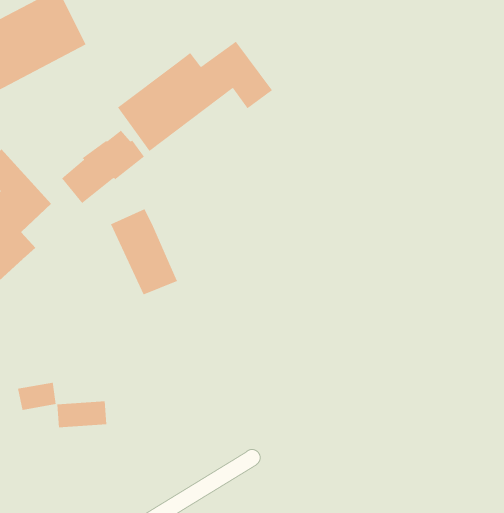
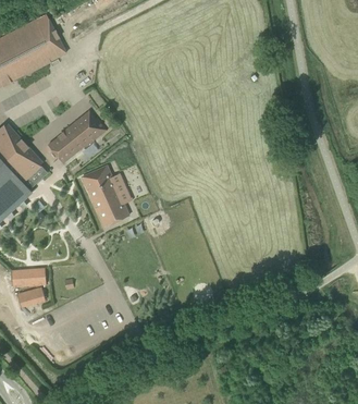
building: [117,41,273,152] -> none
building: [57,401,107,428] -> [11,268,46,286]

